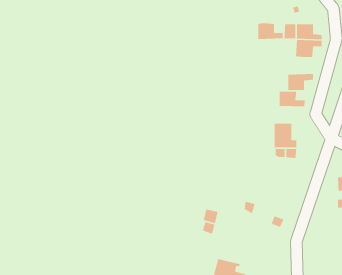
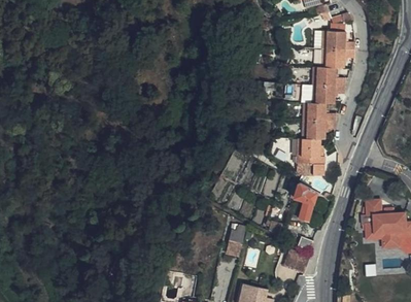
building: [257,22,284,40] -> [315,69,343,88]
building: none -> [306,122,334,139]
building: none -> [294,181,316,222]
building: none -> [281,250,307,277]

